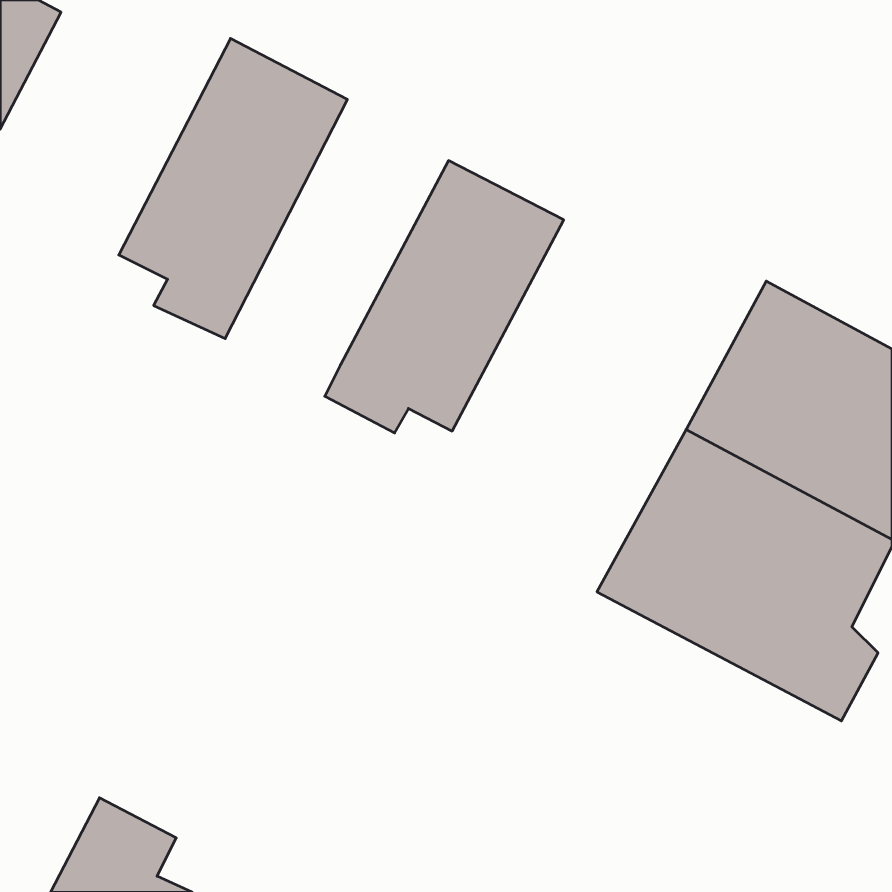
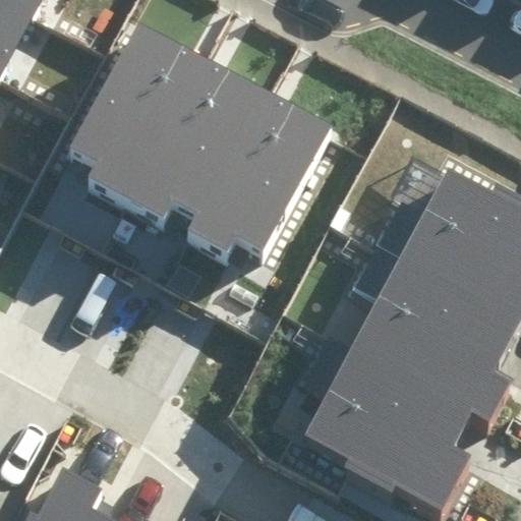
building: none -> [131,58,262,214]
building: none -> [301,345,473,511]

